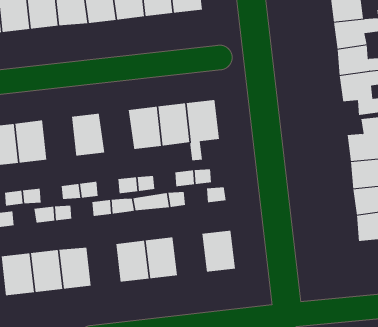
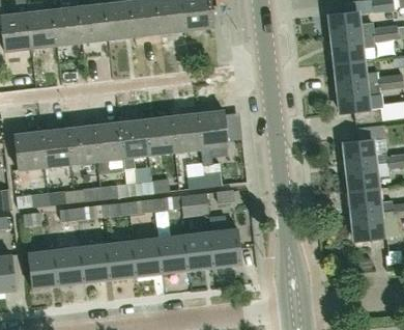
building: none -> [119,118,150,168]
building: none -> [67,125,97,164]
building: none -> [186,231,217,270]
building: none -> [108,241,138,279]

